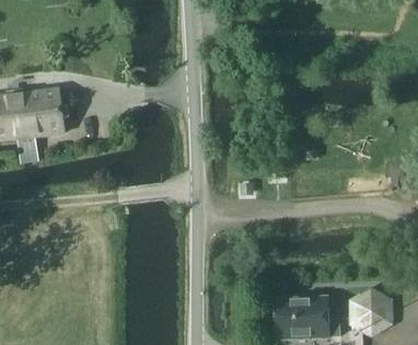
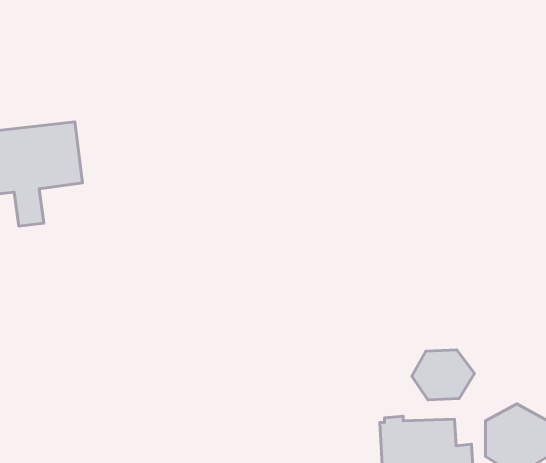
building: none -> [412,350,474,400]

